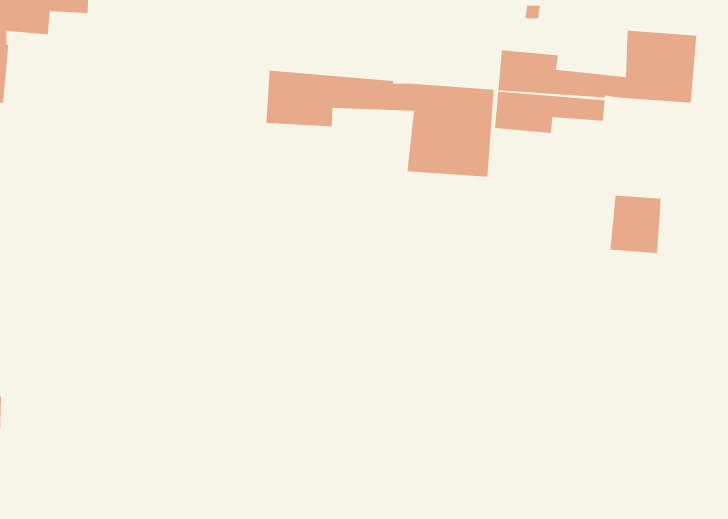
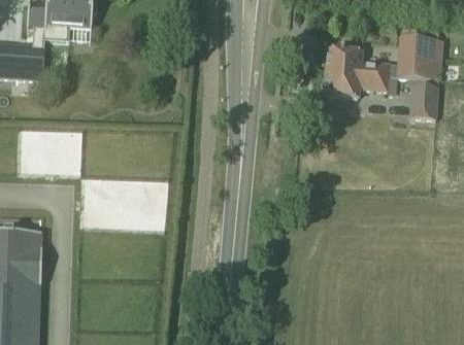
building: [266,70,495,178] -> none
building: [609,195,661,254] -> [407,84,437,118]

